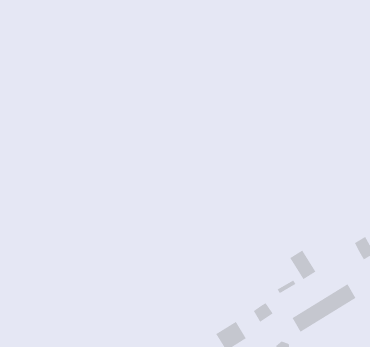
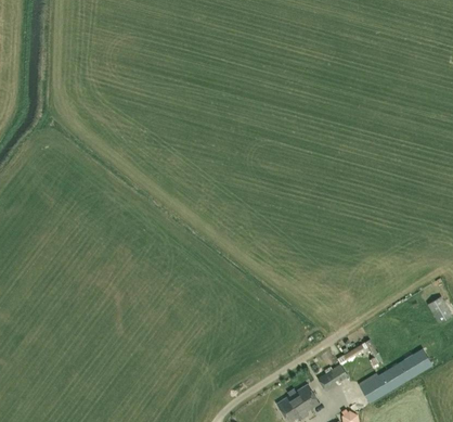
building: [289,249,316,280] -> none

